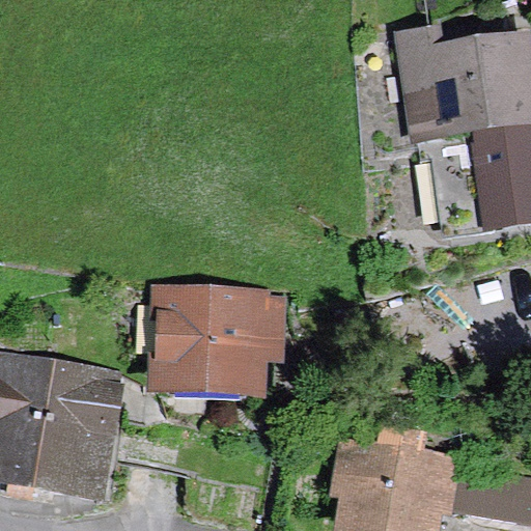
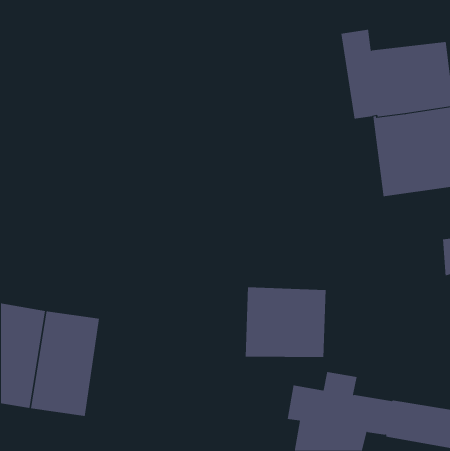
building: [161,298,277,389] -> none
building: none -> [245,287,326,358]

